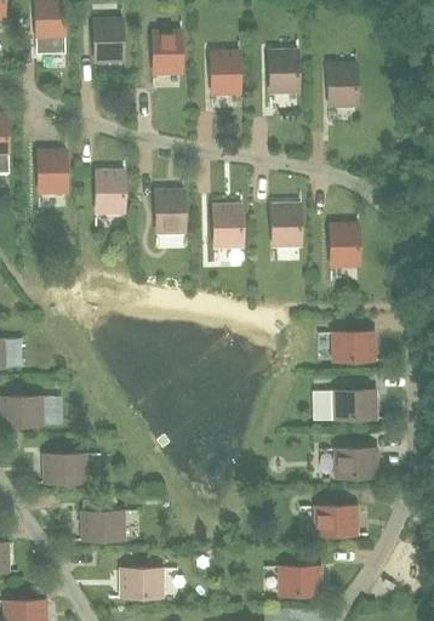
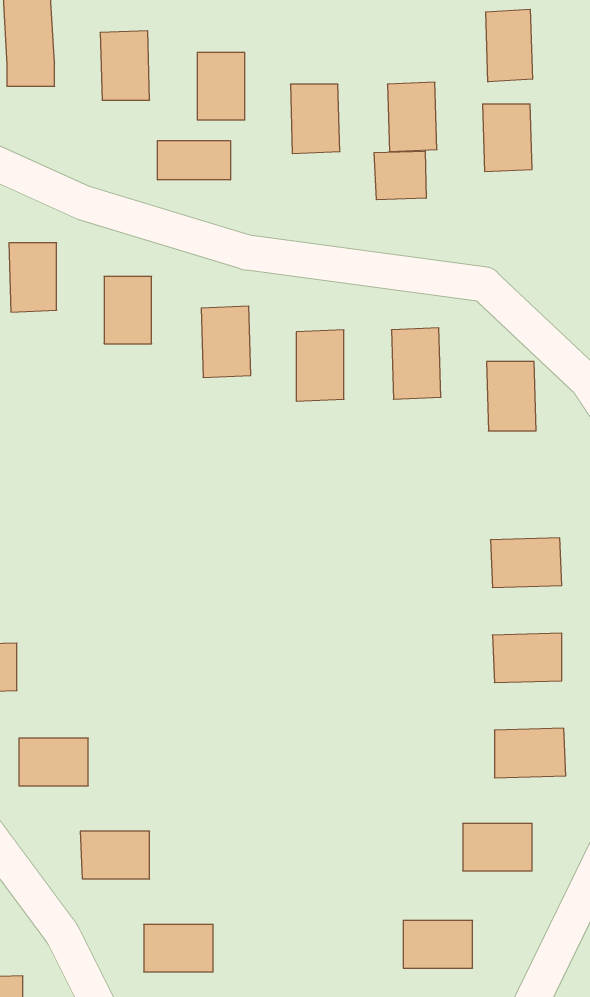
building: none -> [486,9,532,82]
building: none -> [158,141,230,180]
building: none -> [374,151,426,200]

